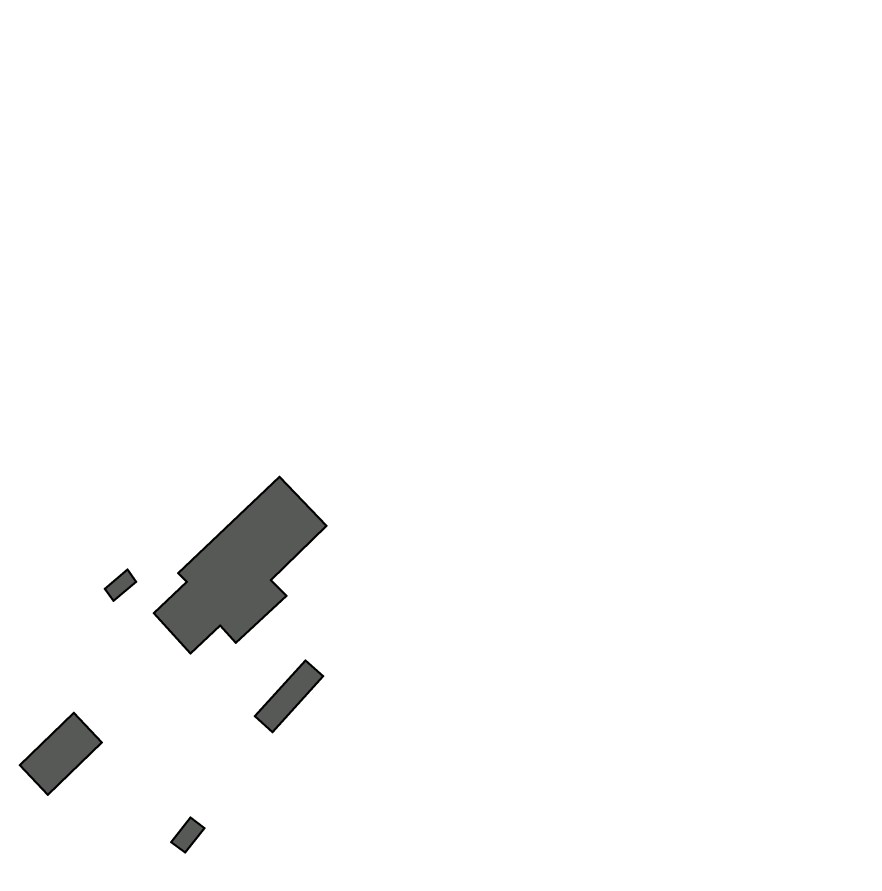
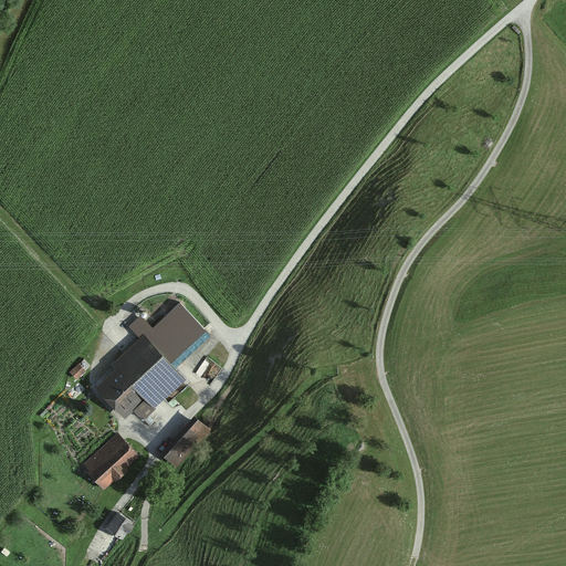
building: [20,713,102,795] -> [83,437,135,489]

